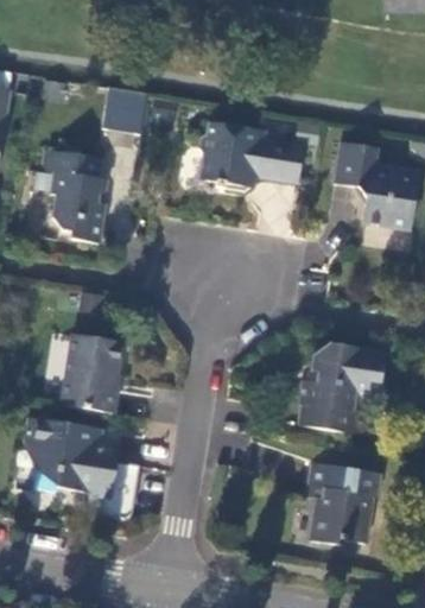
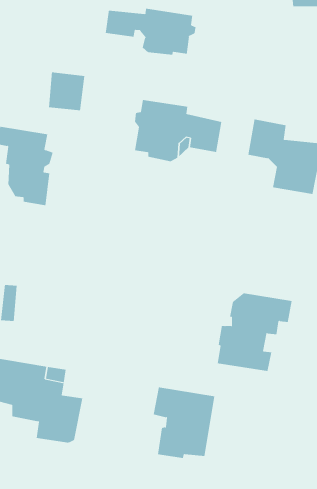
building: none -> [105,8,196,55]
building: [61,334,122,413] -> none
building: [304,463,376,546] -> [153,387,215,459]

